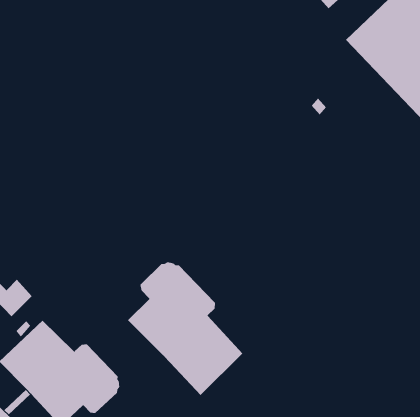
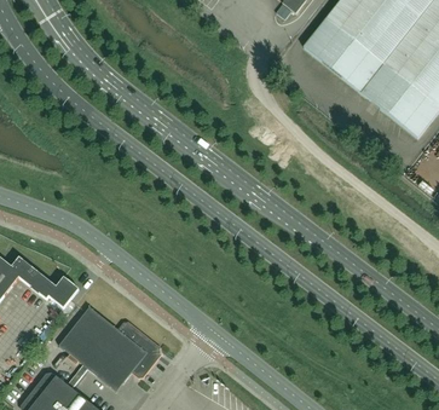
building: [127,261,243,396] -> none

